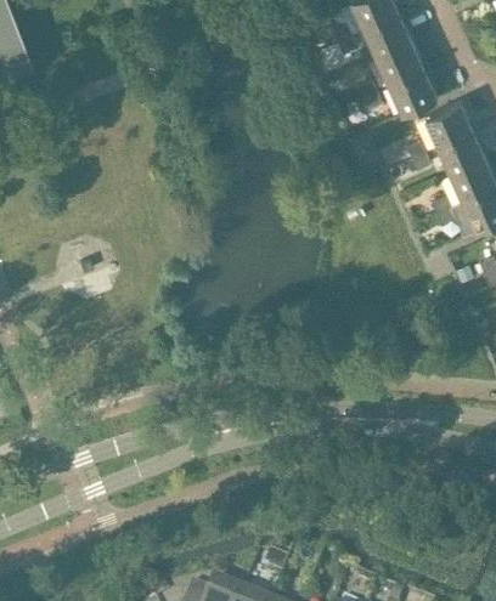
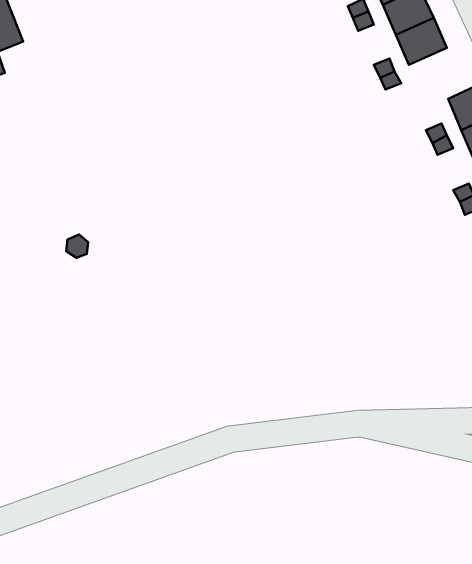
building: [387,69,434,113] -> none

